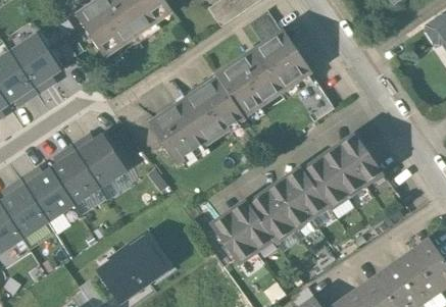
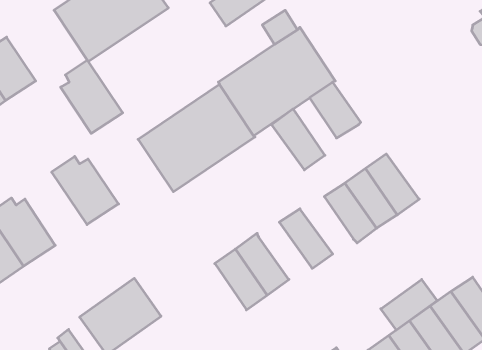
building: [52,149,104,210] -> [61,60,123,133]
building: [283,166,328,217] -> [271,109,325,170]
building: [248,191,293,242] -> none
building: none -> [381,279,437,330]

